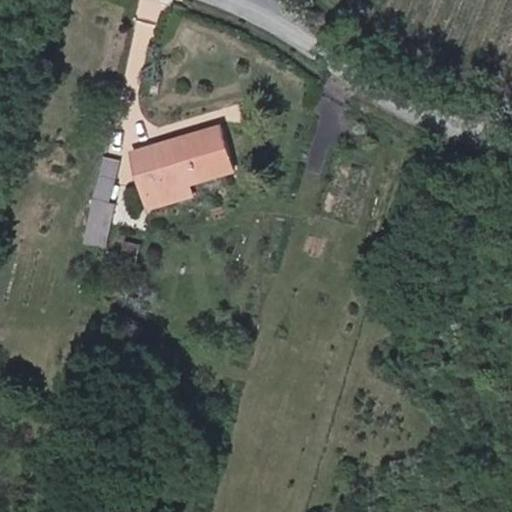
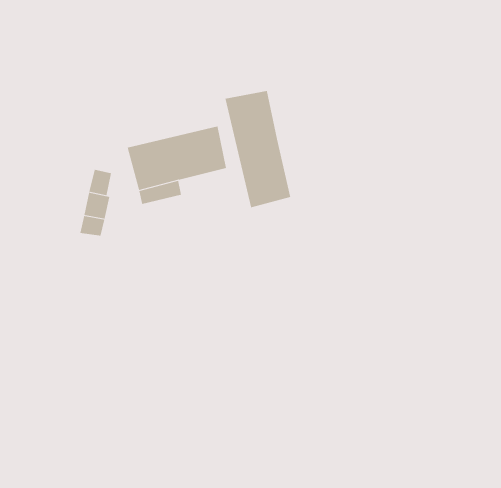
building: none -> [225,90,291,208]

